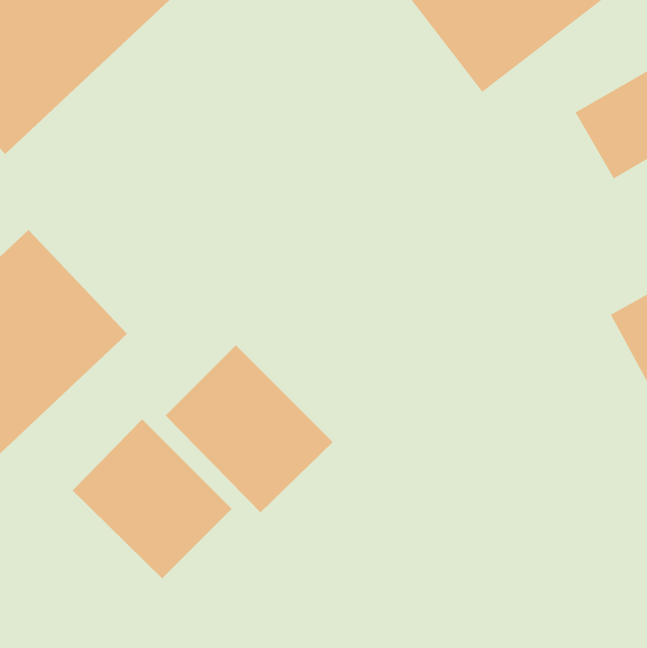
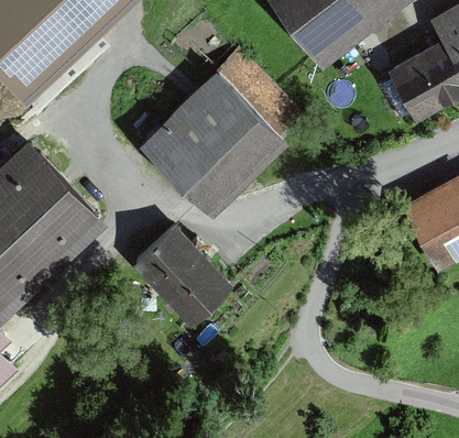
building: none -> [145,54,297,205]
building: [72,418,233,579] -> none

